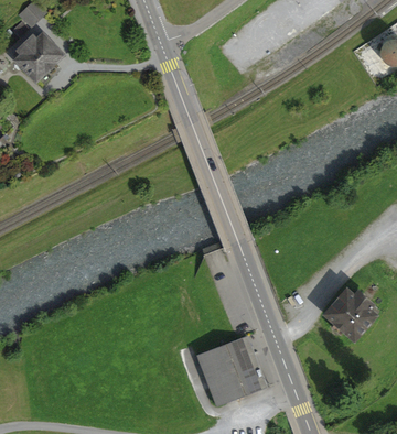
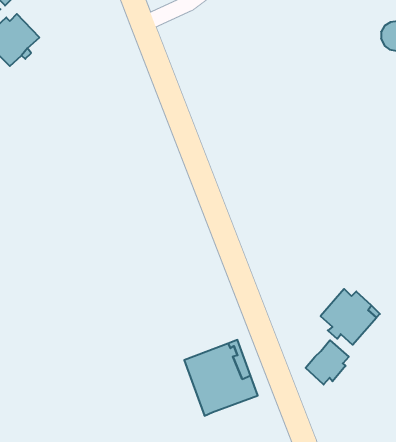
building: none -> [306,340,349,385]

